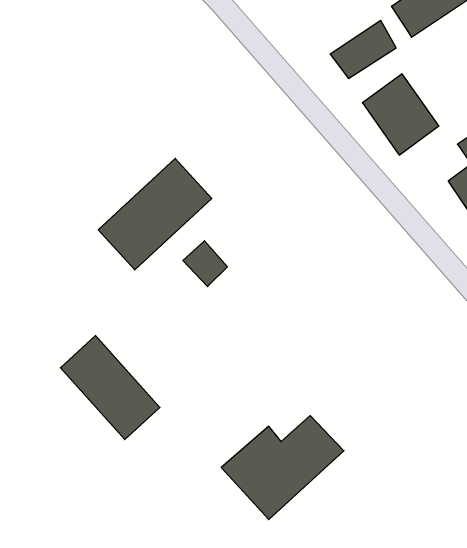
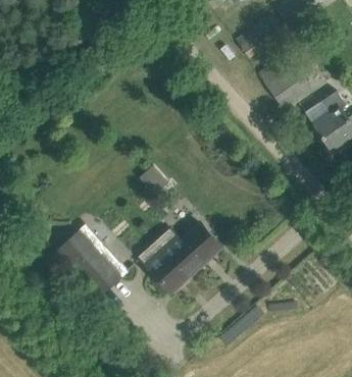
building: [98,158,212,270] -> none
building: [221,416,344,520] -> [139,222,220,291]

